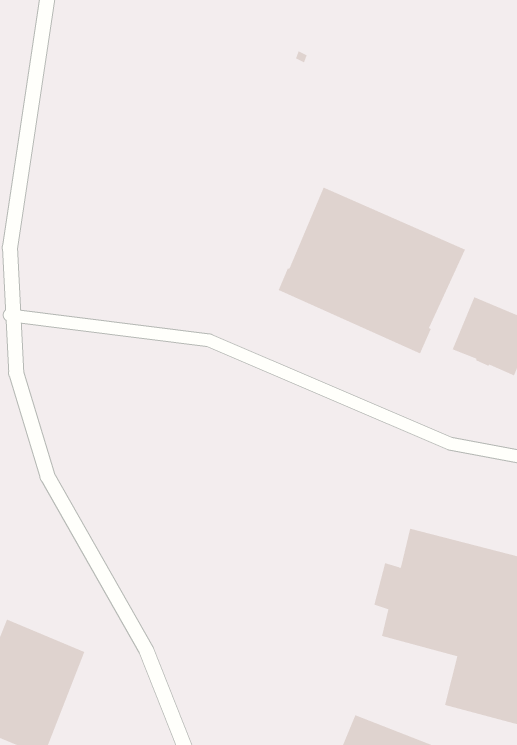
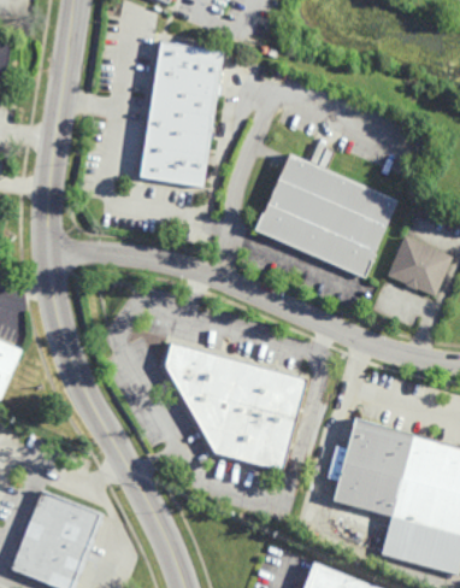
building: none -> [141,42,222,188]
building: none -> [167,348,306,468]

